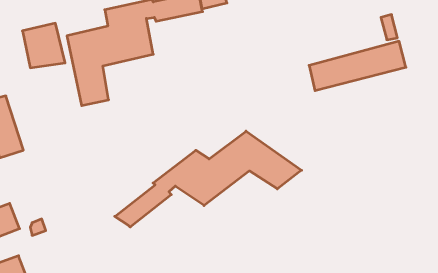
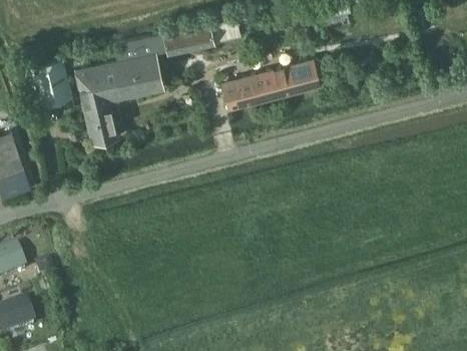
building: [309,41,406,91] -> [220,59,321,110]
building: [115,131,302,227] -> none

